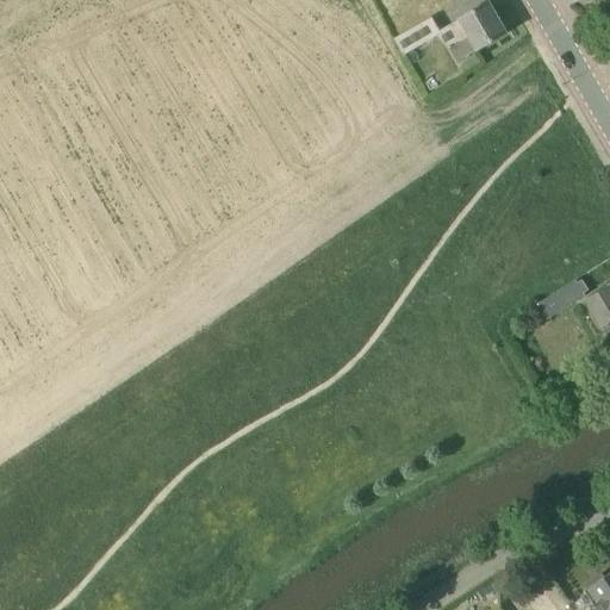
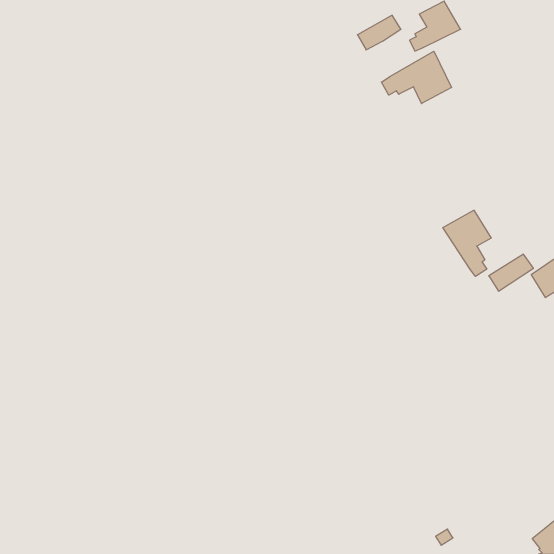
building: none -> [381,51,451,104]
building: none -> [443,210,491,276]

